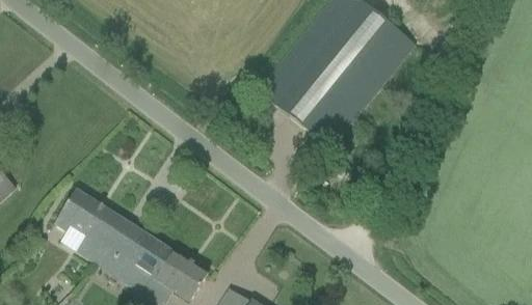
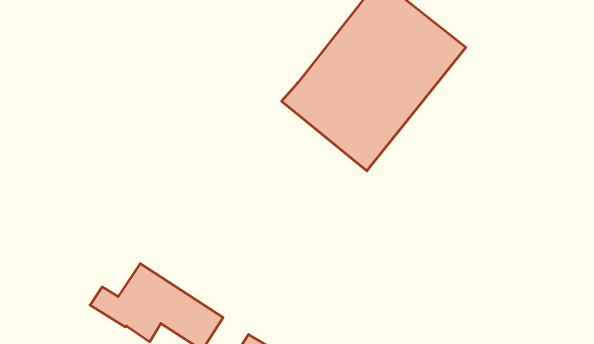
building: [53,188,136,261] -> none

